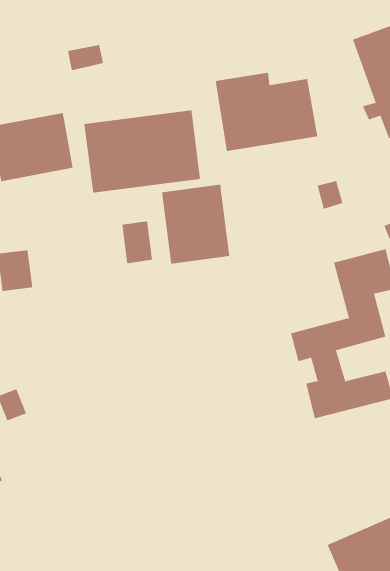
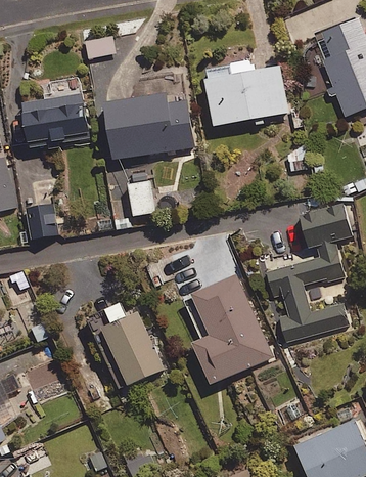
building: [162,184,230,264] -> none
building: none -> [181,273,273,384]
building: none -> [101,303,163,384]

